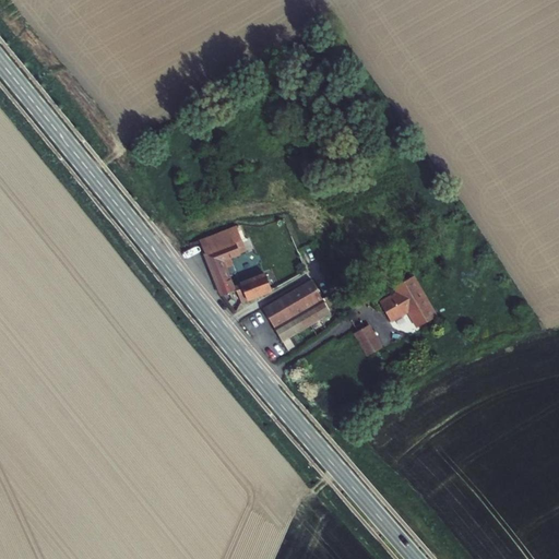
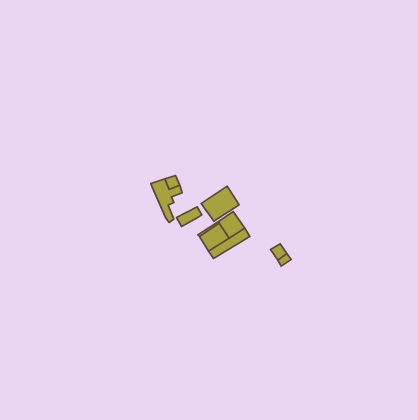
building: none -> [201,186,239,221]
building: [381,271,438,322] -> none

